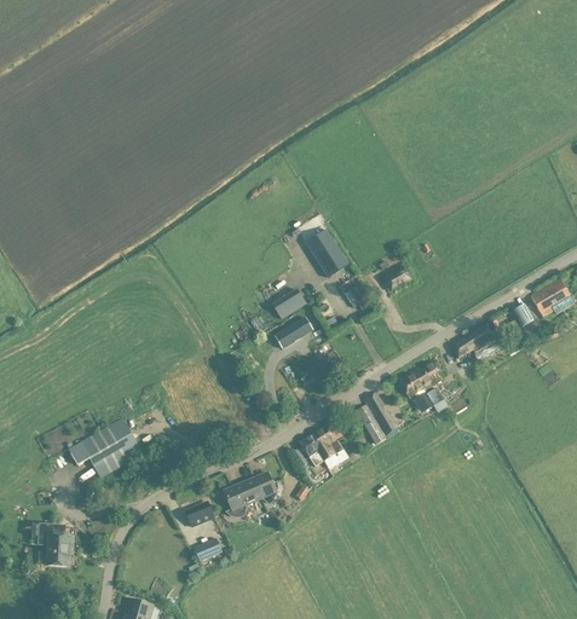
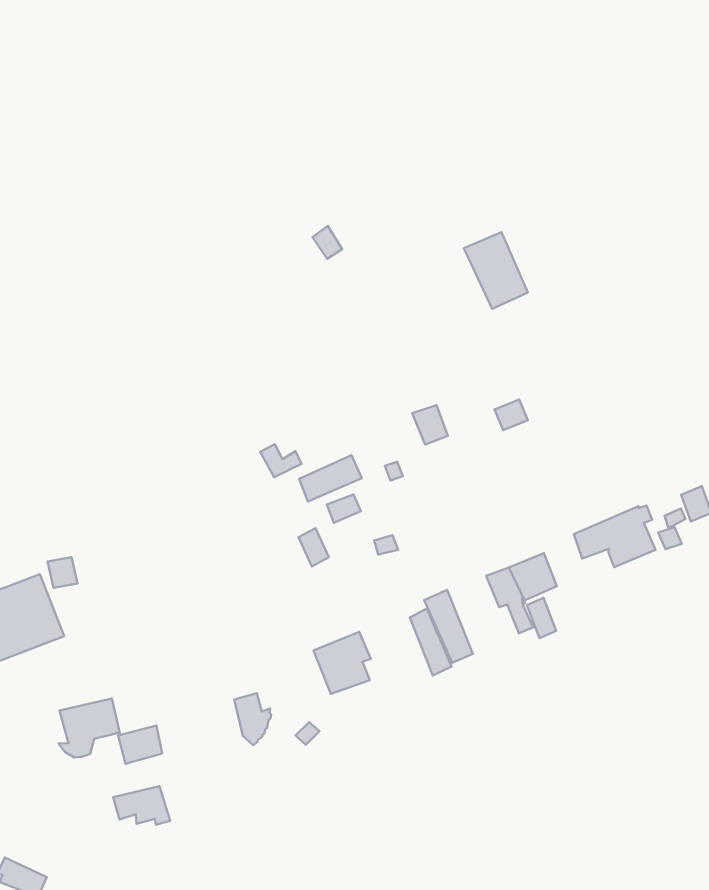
building: [305,227,348,276] -> [464,232,528,309]
building: [272,287,306,317] -> none
building: [223,476,262,516] -> [59,699,120,758]

